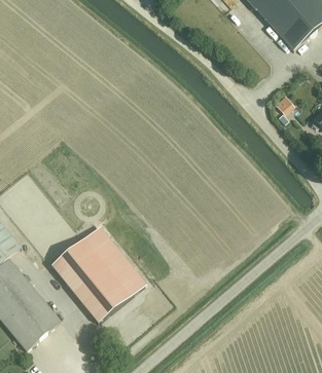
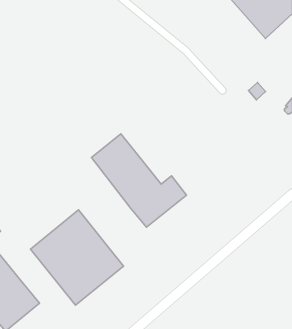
building: none -> [91,134,186,227]

